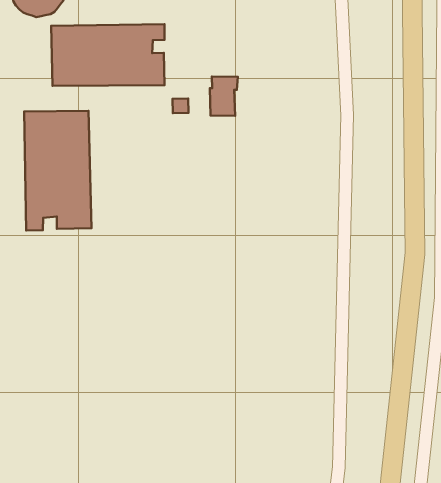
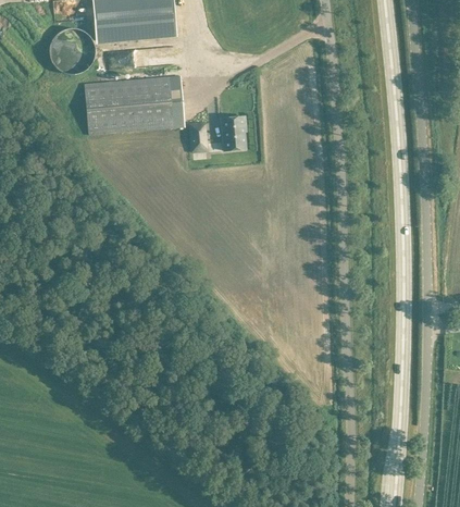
building: [24,111,92,230] -> none

